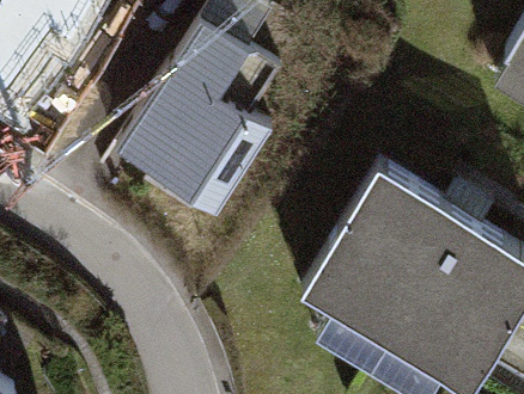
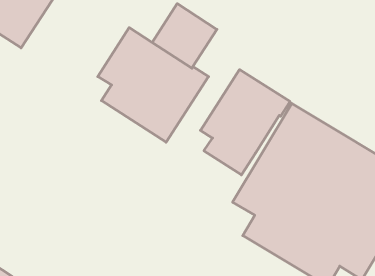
building: none -> [200,70,290,175]

